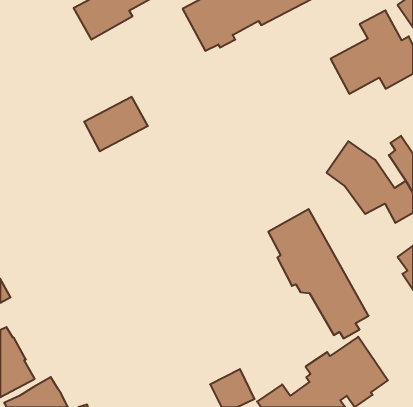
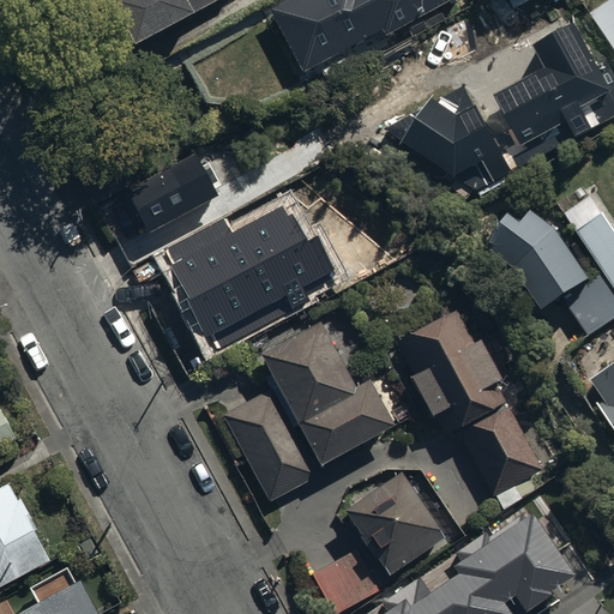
building: none -> [402,90,512,182]
building: none -> [165,198,337,342]
building: none -> [225,330,396,501]
building: none -> [344,478,445,582]

